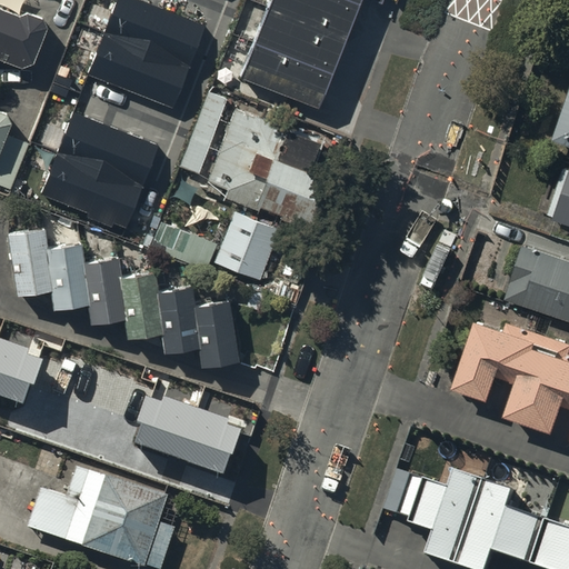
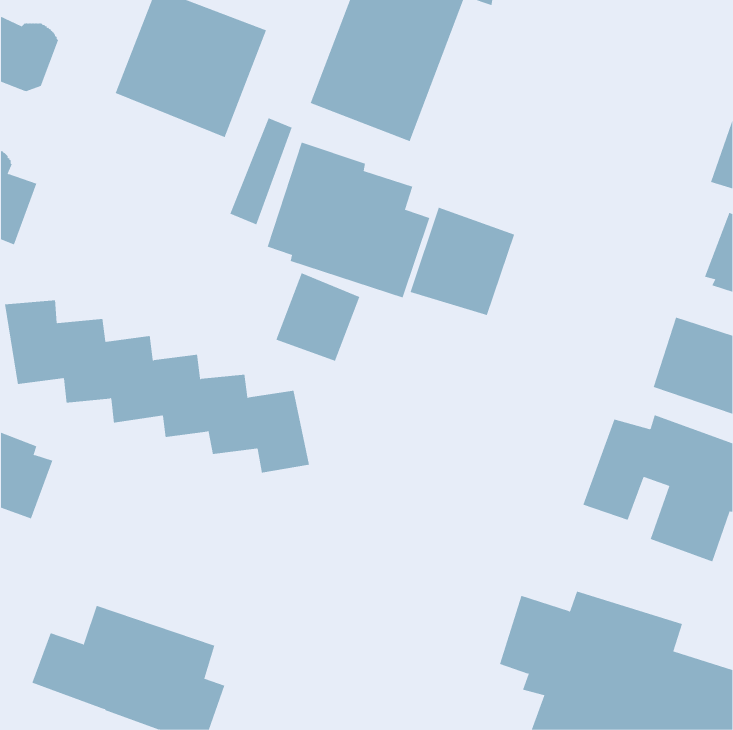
building: [40,110,158,227] -> none
building: none -> [410,207,515,316]
building: [133,389,242,472] -> none

